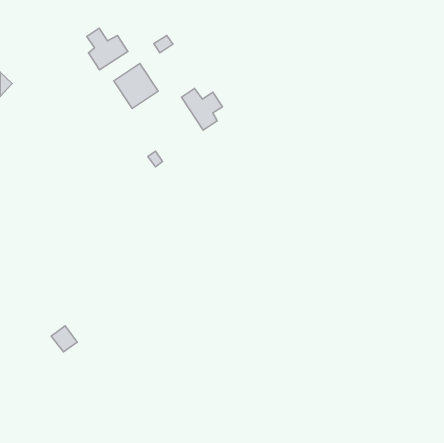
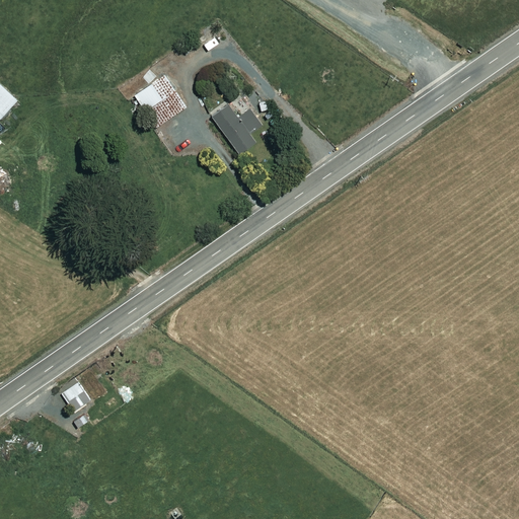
building: [87,28,128,70] -> none

